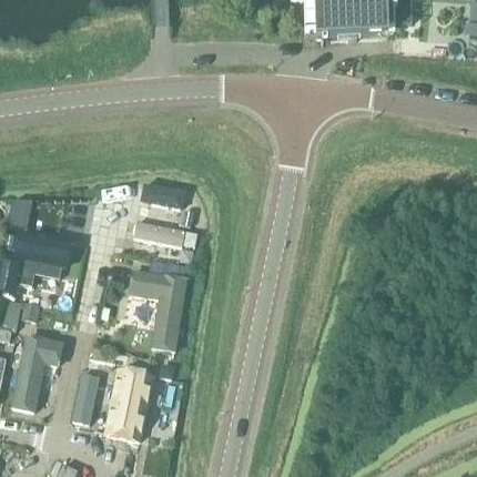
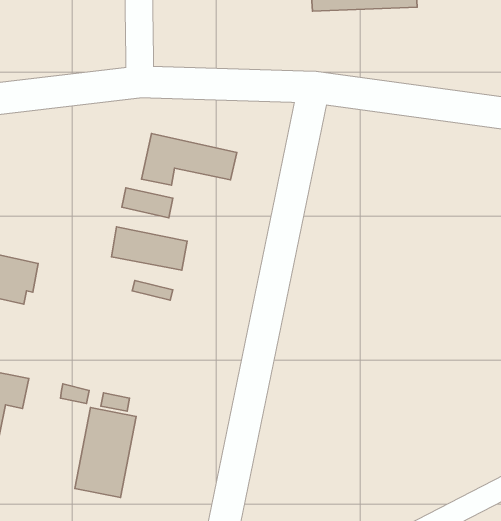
building: none -> [141,134,237,185]
building: [128,268,187,353] -> none
building: [72,372,100,424] -> none

